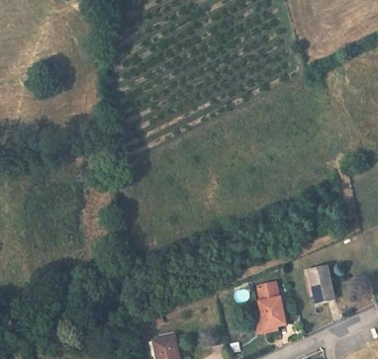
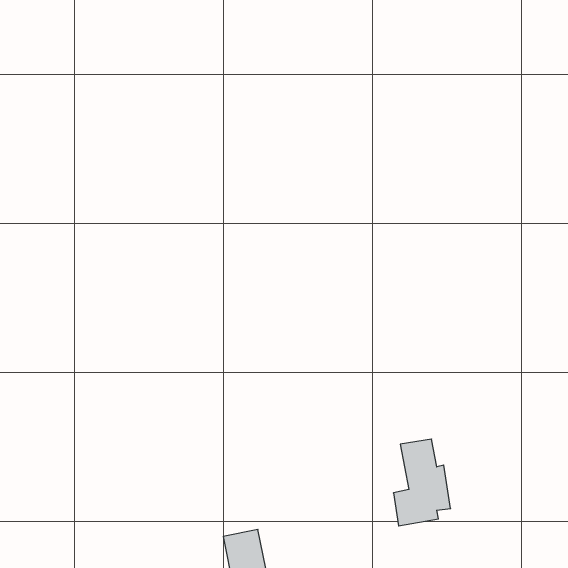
building: [309,266,332,301] -> none

